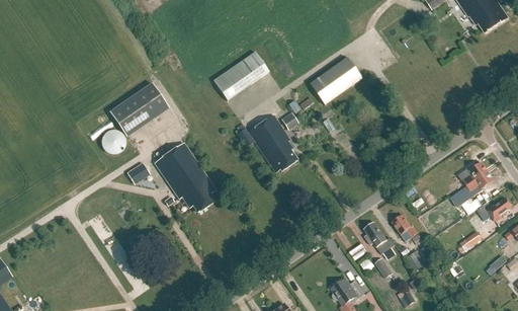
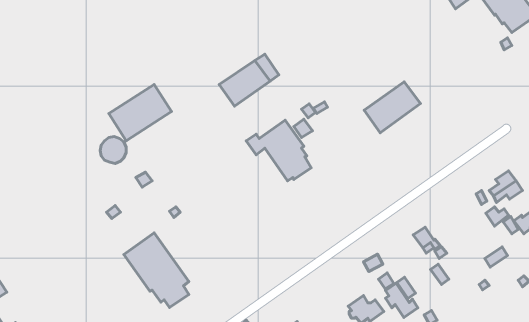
building: [308,58,360,105] -> [364,82,420,133]
building: [155,143,215,213] -> [124,233,189,308]
building: [363,222,394,254] -> [385,283,418,318]

